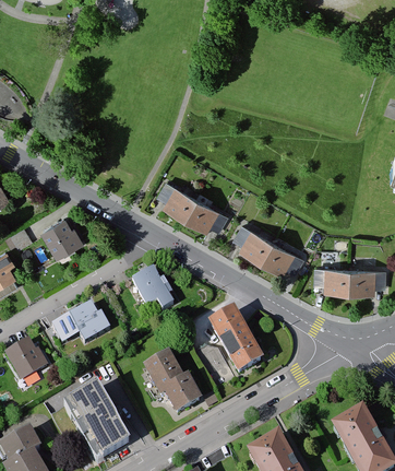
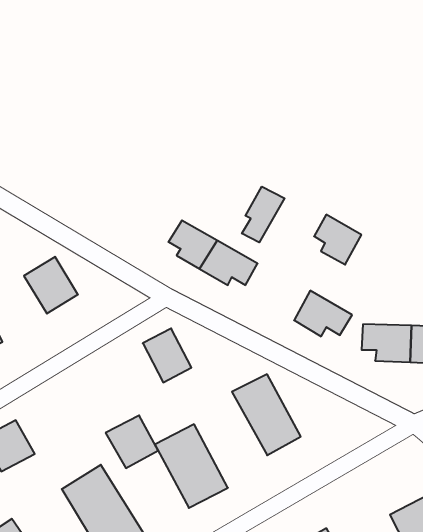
building: none -> [242,187,285,242]
building: [232,222,271,262] -> [314,215,361,265]
building: [69,303,111,345] -> [106,415,158,468]

